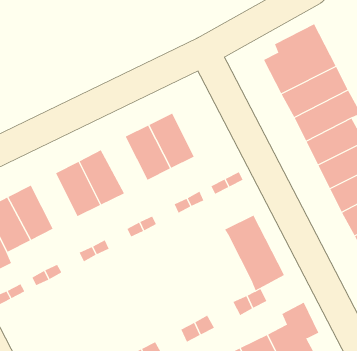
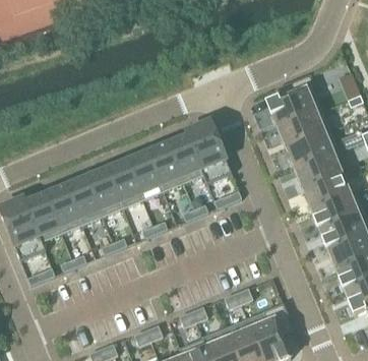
building: none -> [125,154,161,200]
building: none -> [65,179,101,225]
building: [224,215,285,291] -> [183,121,230,184]

